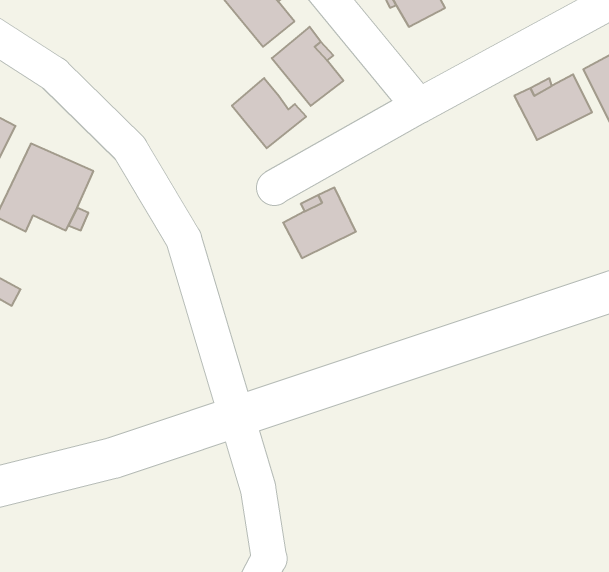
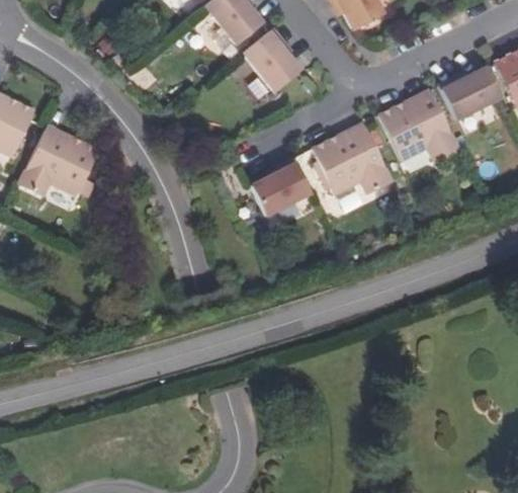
building: [232,78,306,148] -> none
building: none -> [378,90,458,162]
building: none -> [313,122,394,195]

